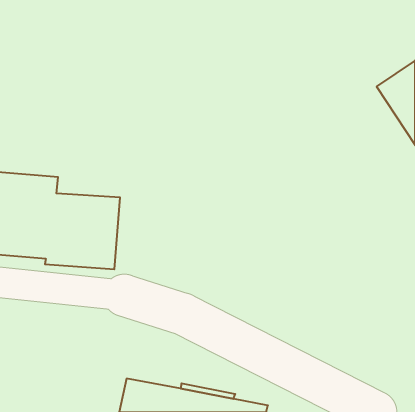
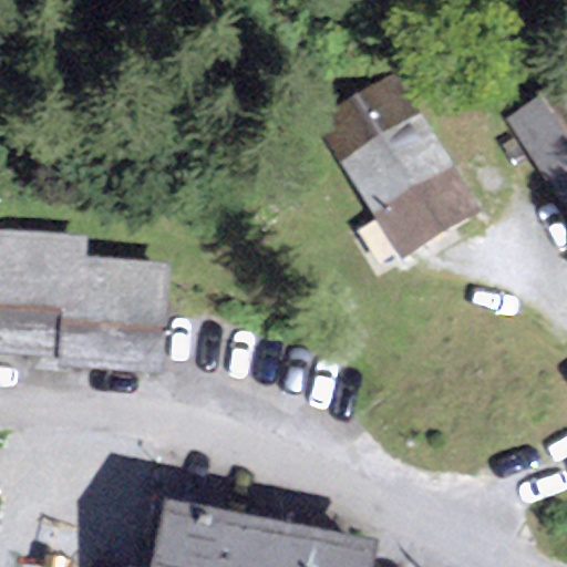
building: none -> [319,73,473,249]

